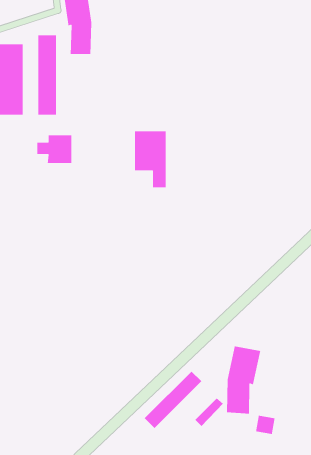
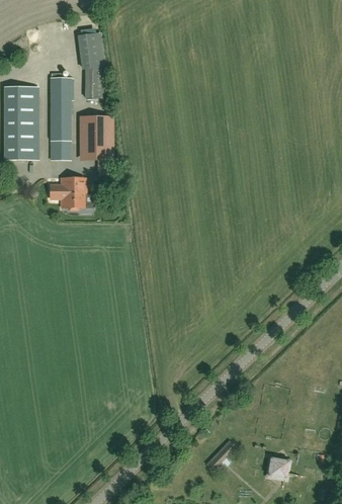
building: [134,131,166,188] -> [80,115,112,173]
building: [226,345,261,415] -> none
building: [144,371,202,429] -> none

